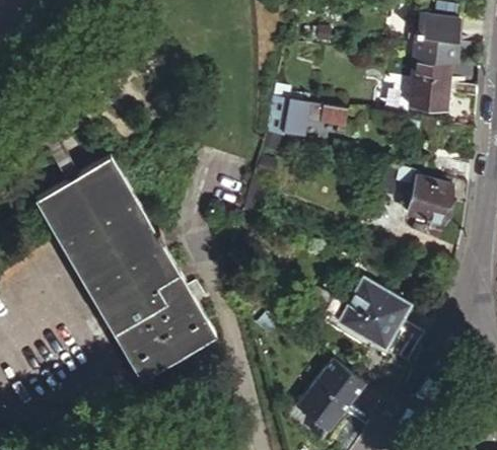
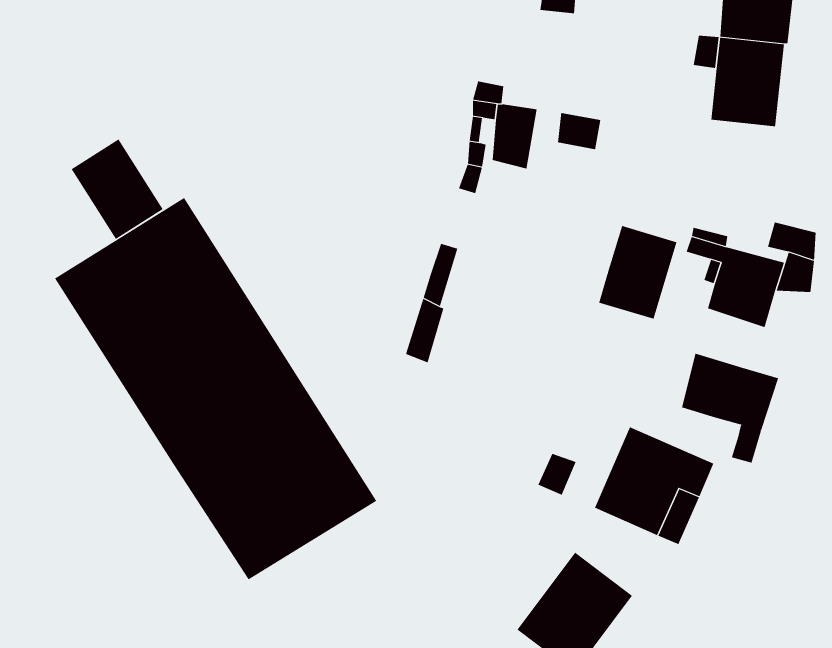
building: none -> [71,138,164,240]
building: none -> [598,225,677,320]
building: none -> [681,353,779,463]

